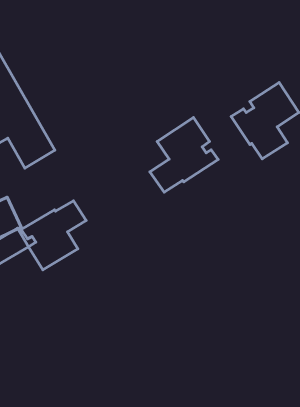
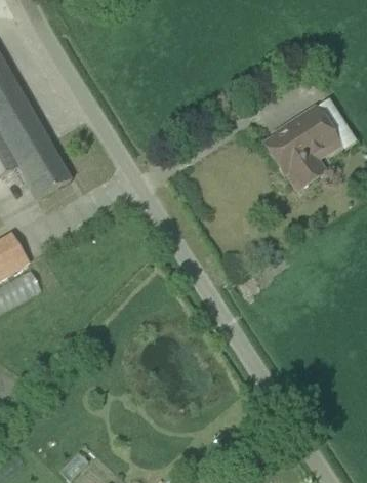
building: [150,118,218,192] -> none
building: [21,201,86,270] -> none

